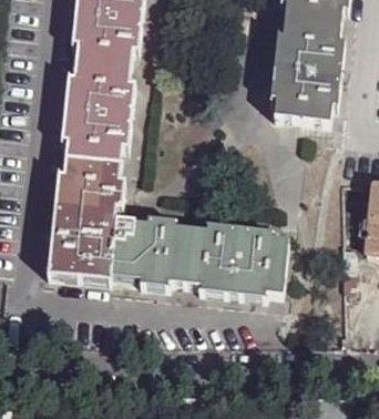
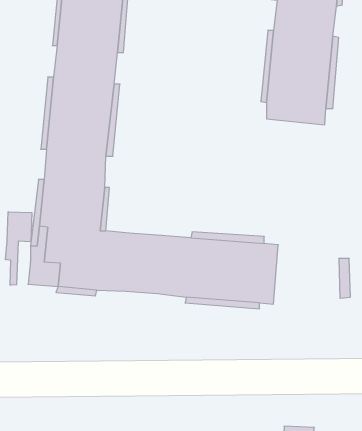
building: none -> [5,212,32,285]

